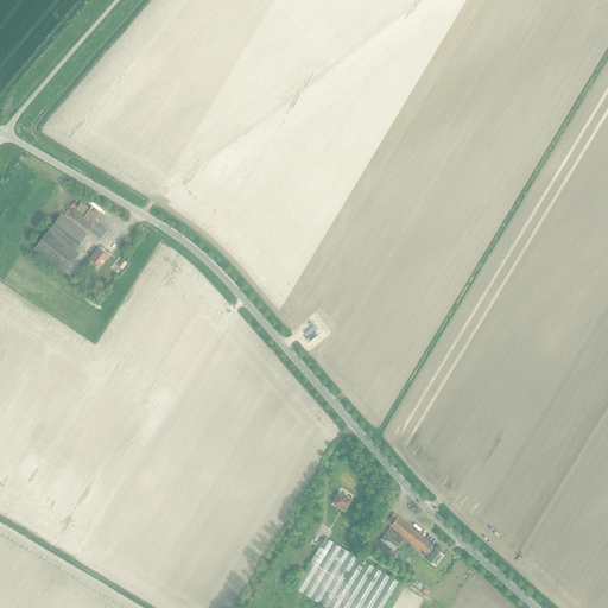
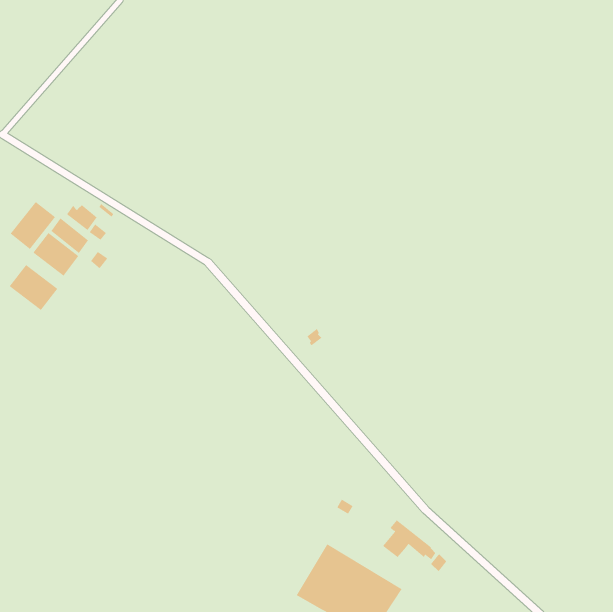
building: none -> [10,201,56,250]
building: none -> [9,264,58,311]

